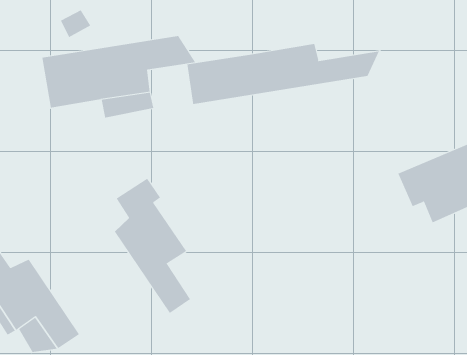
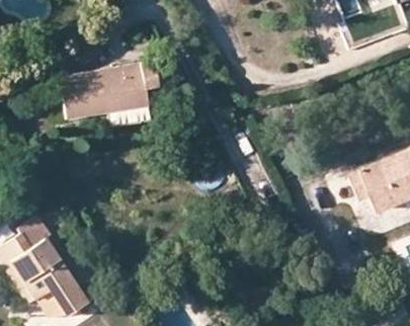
building: [187,43,380,105] -> none
building: [114,178,191,314] -> none

